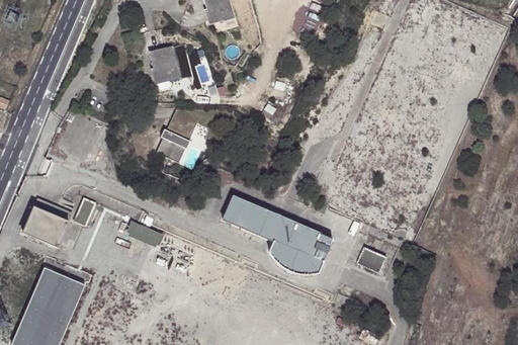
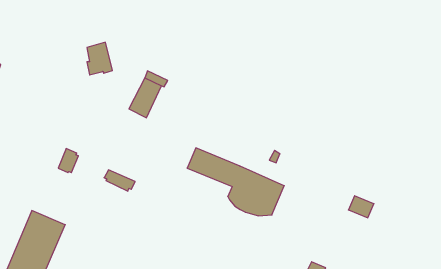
building: [152,46,181,83] -> [87,42,112,75]
building: [23,196,73,246] -> none
building: [358,247,387,272] -> [348,196,374,218]

